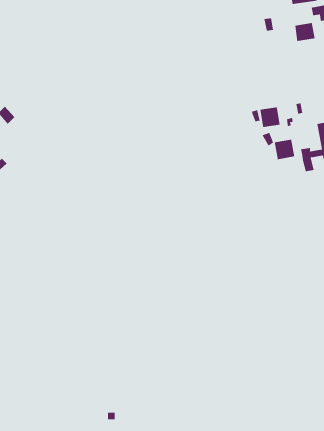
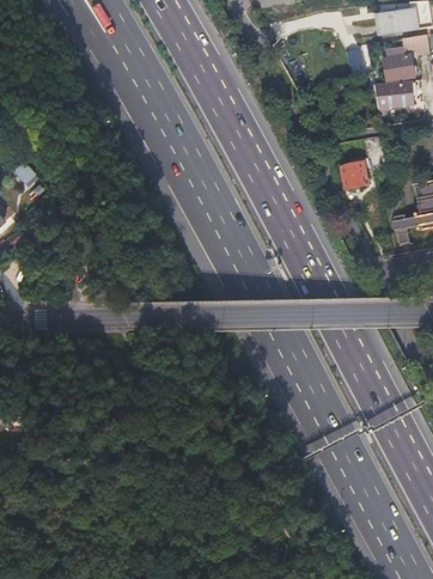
building: none -> [378,84,415,111]
building: [274,139,295,160] -> none

